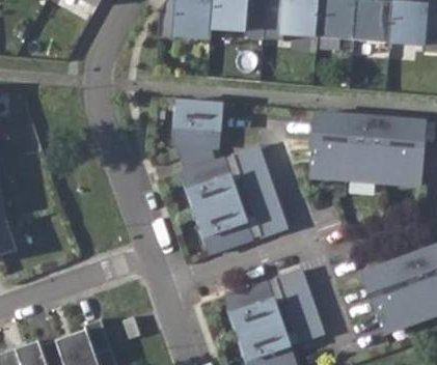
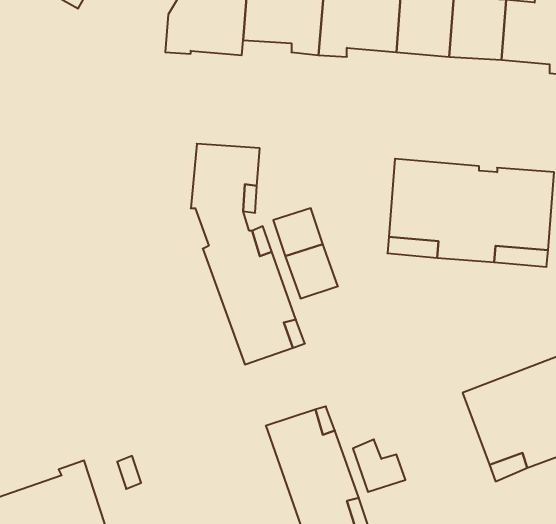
building: [250,199,285,236] -> none
building: [275,270,317,318] -> none

